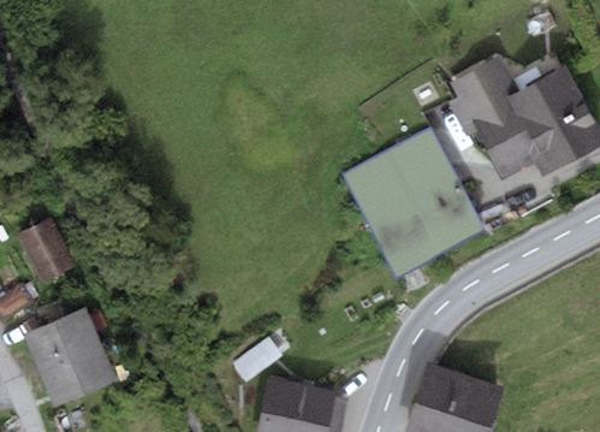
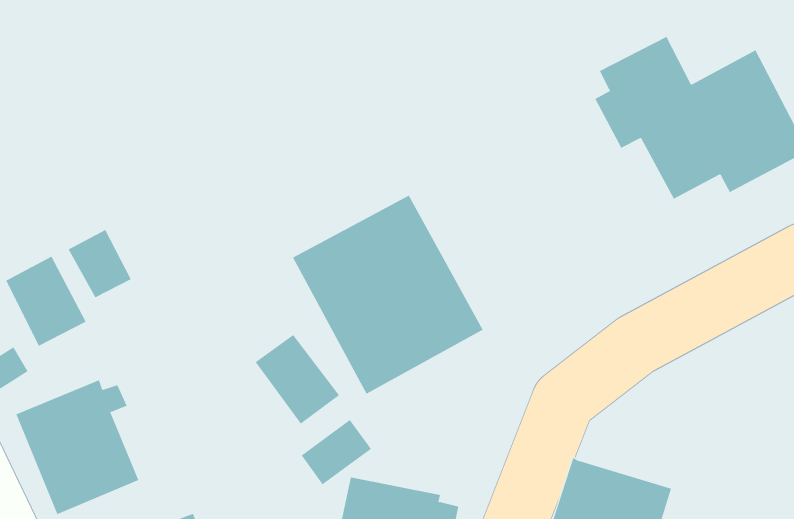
building: [344,129,483,274] -> [292,195,483,394]
building: none -> [68,229,132,298]
building: none -> [255,334,340,425]

